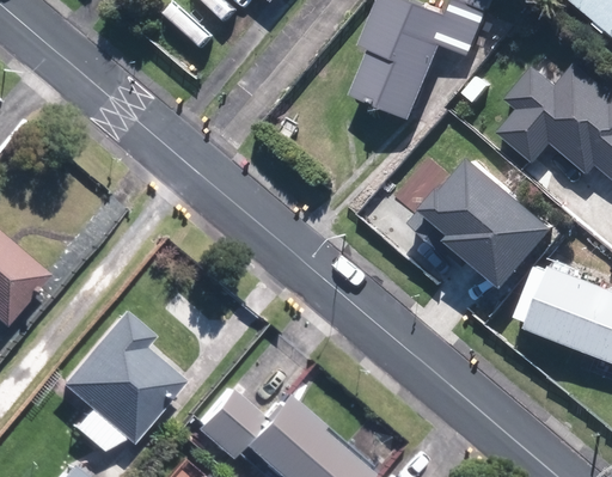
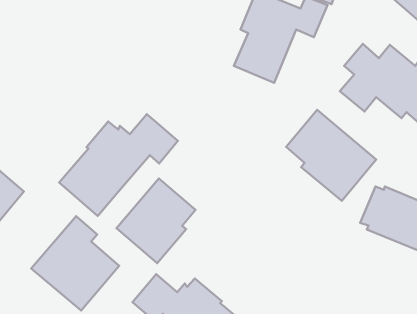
building: none -> [59,114,178,216]
building: none -> [116,178,195,263]

